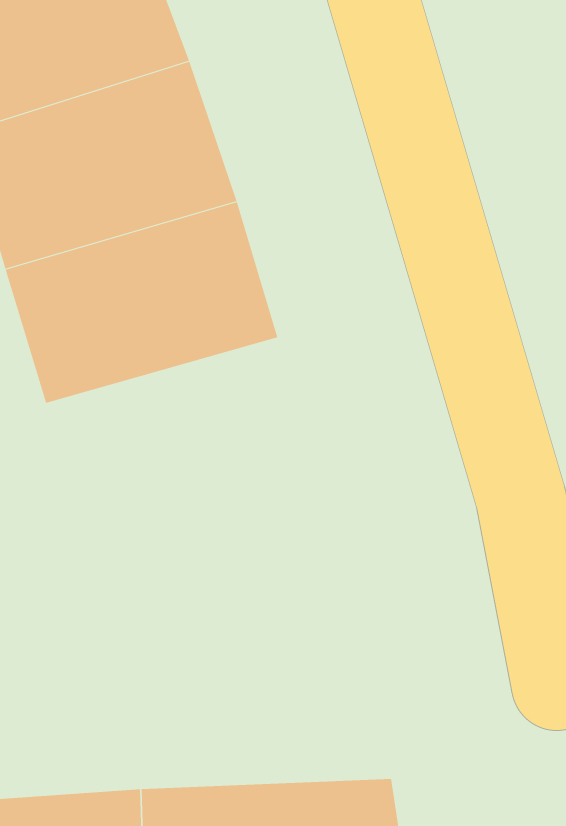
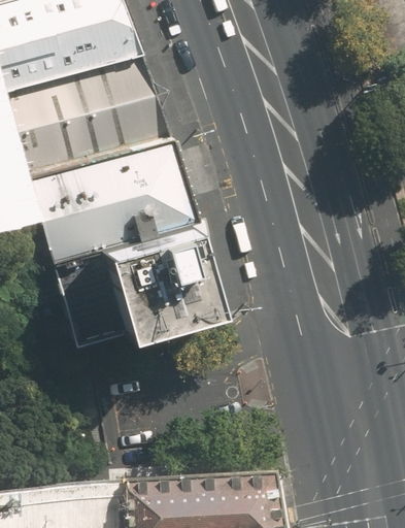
building: none -> [50,218,216,342]

